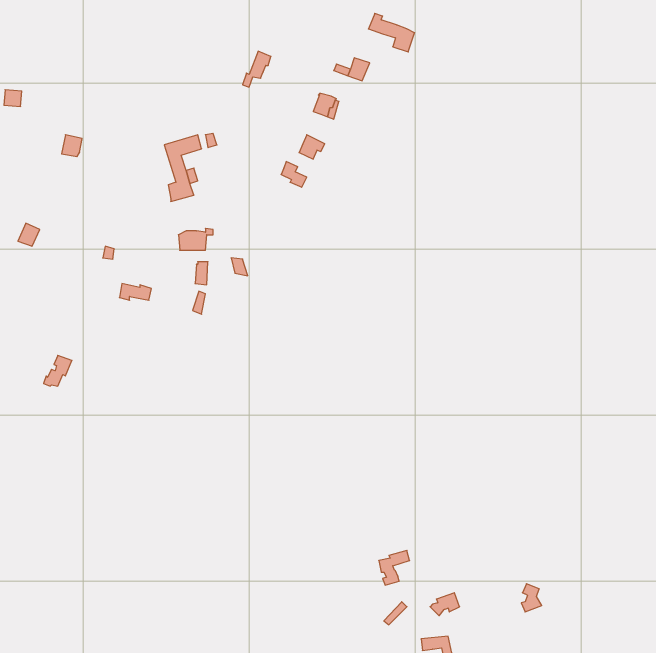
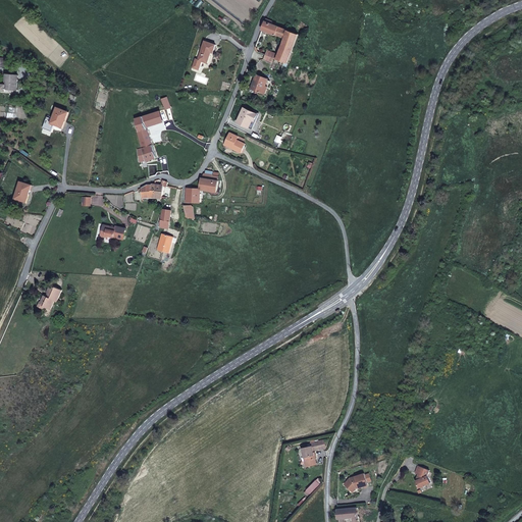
building: [368,13,415,52] -> [262,21,299,52]
building: none -> [186,174,220,204]

